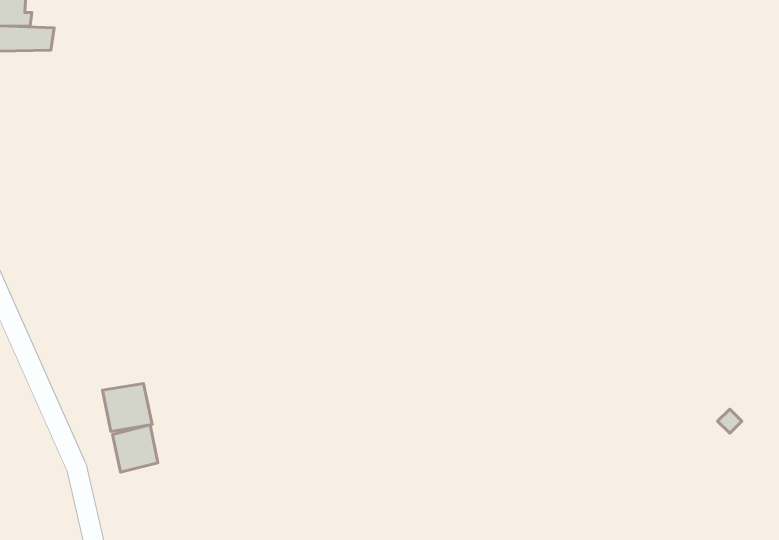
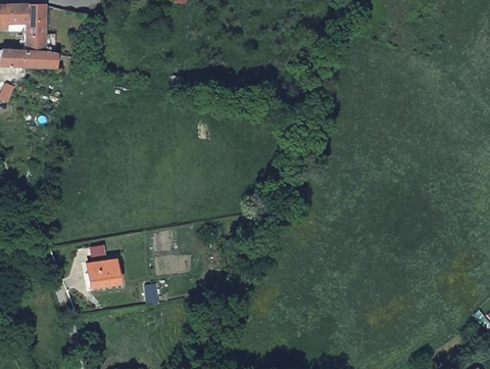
building: [112,425,158,472] -> none

